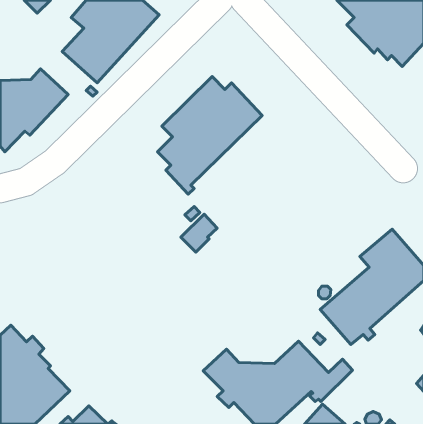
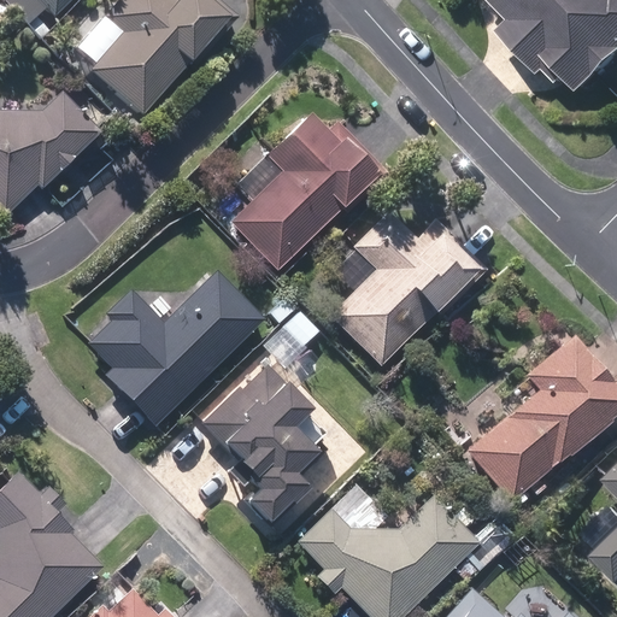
building: none -> [330,210,476,364]
building: none -> [90,270,264,425]
building: none -> [202,364,323,518]

